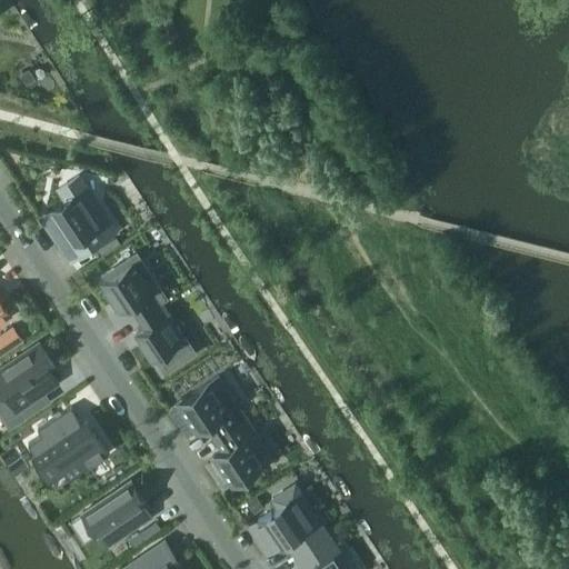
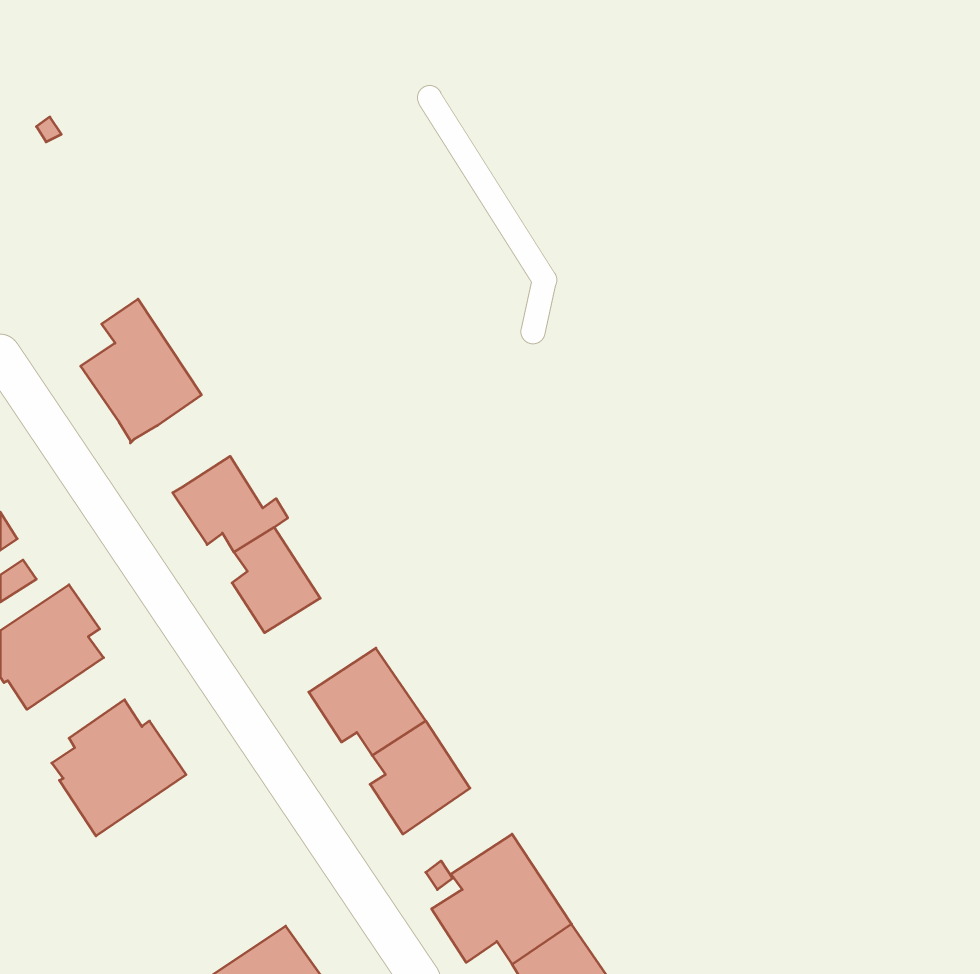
building: [80,480,153,549] -> none

